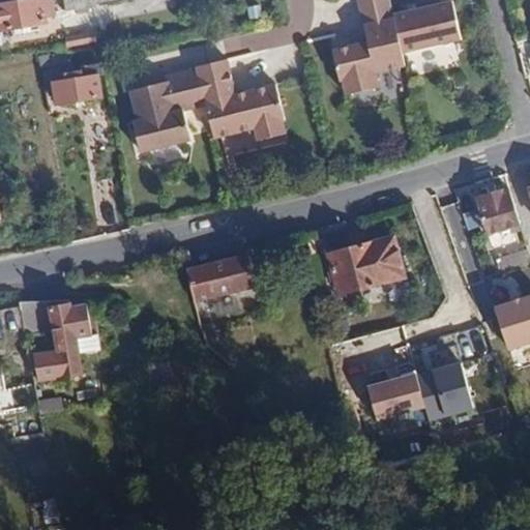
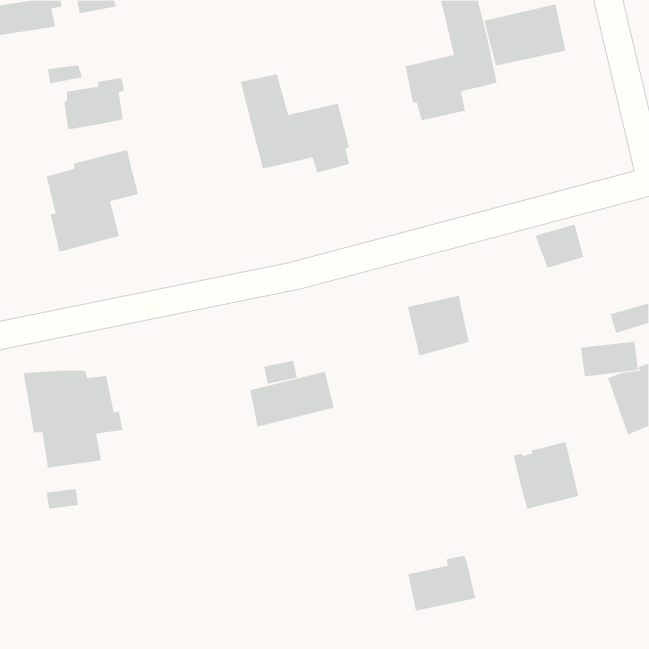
building: [129,69,205,153] -> [46,149,139,253]
building: [479,187,522,233] -> none
building: [374,236,403,279] -> none
building: [189,252,259,297] -> [249,371,334,427]
building: [369,366,424,412] -> [408,555,476,611]

